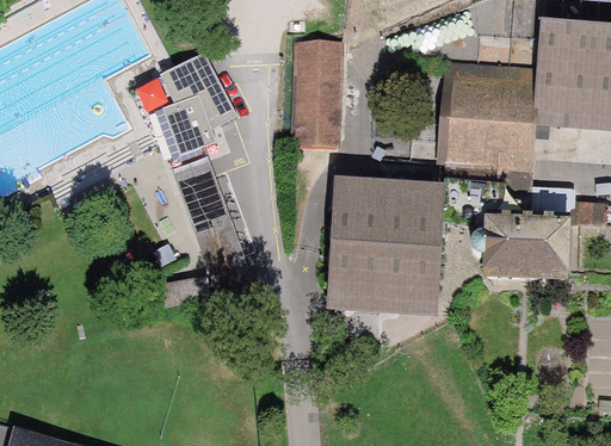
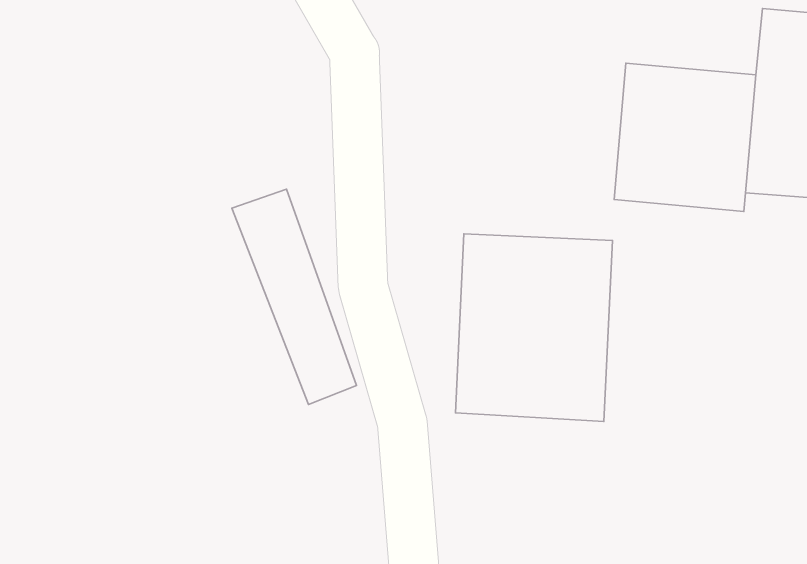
building: [292,49,337,151] -> none
building: [162,50,239,153] -> none
building: [485,225,568,278] -> none

